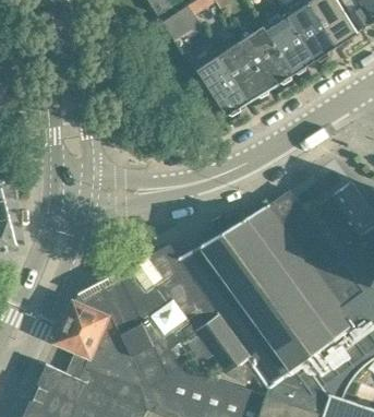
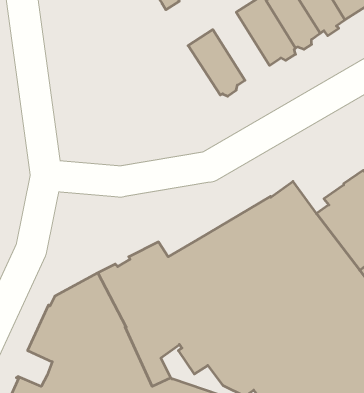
building: [217,41,267,102] -> none

